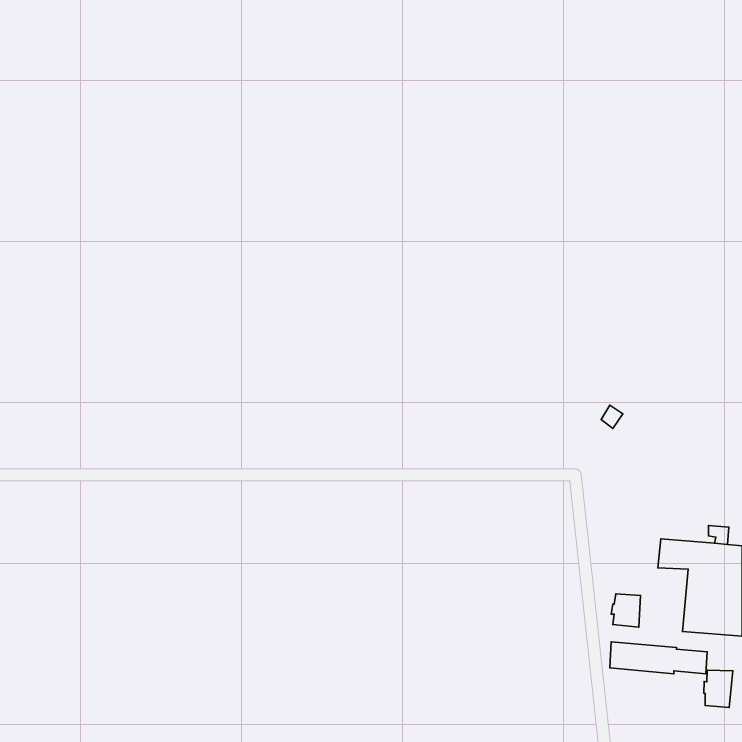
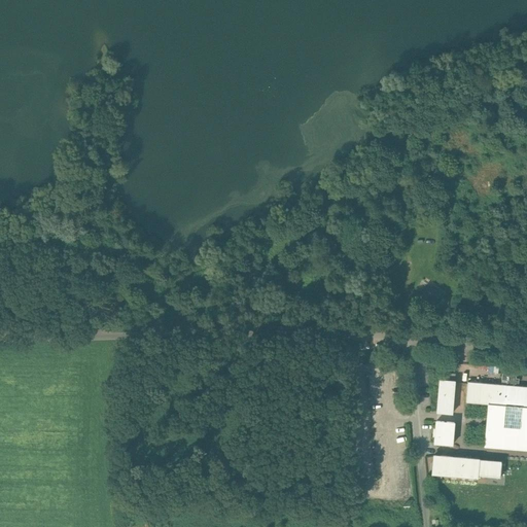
building: none -> [437,380,455,414]
building: [704,670,733,708] -> none

